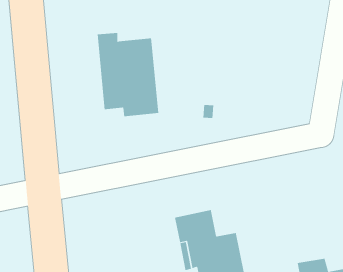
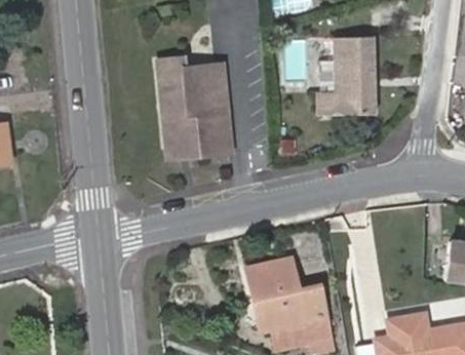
building: none -> [317,39,374,117]

